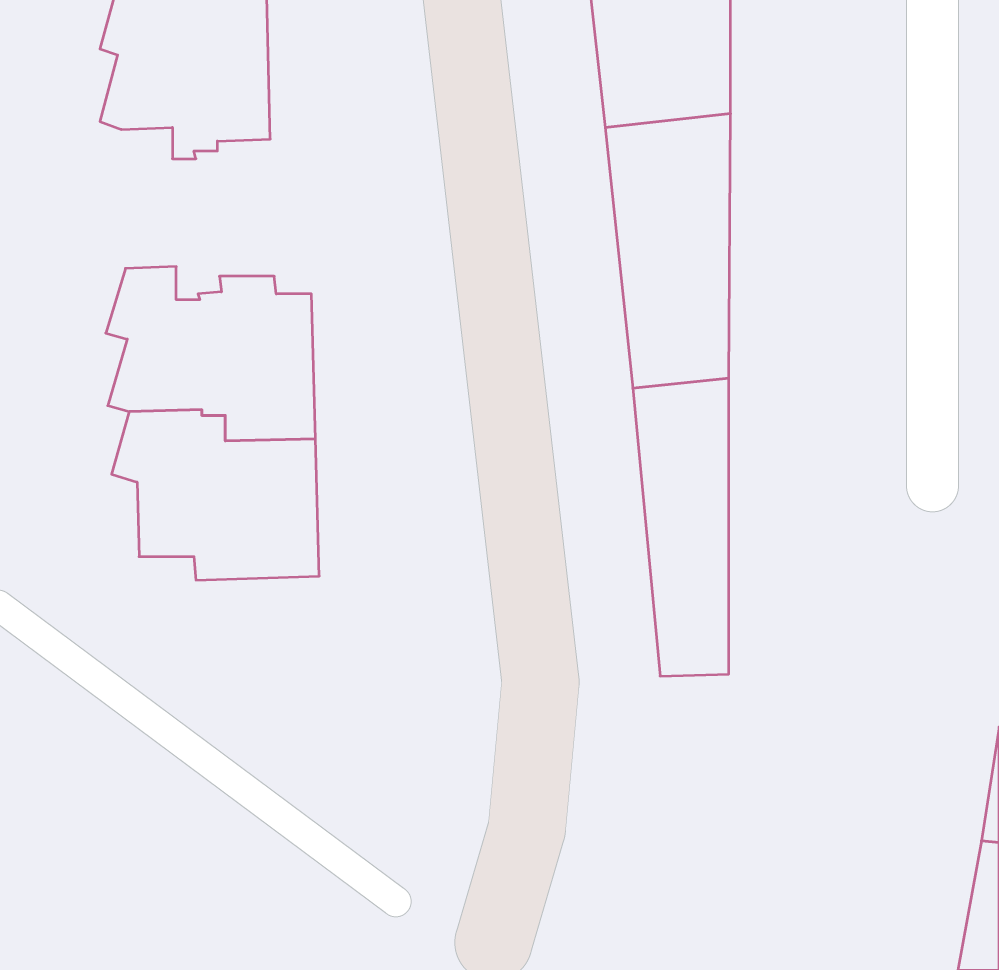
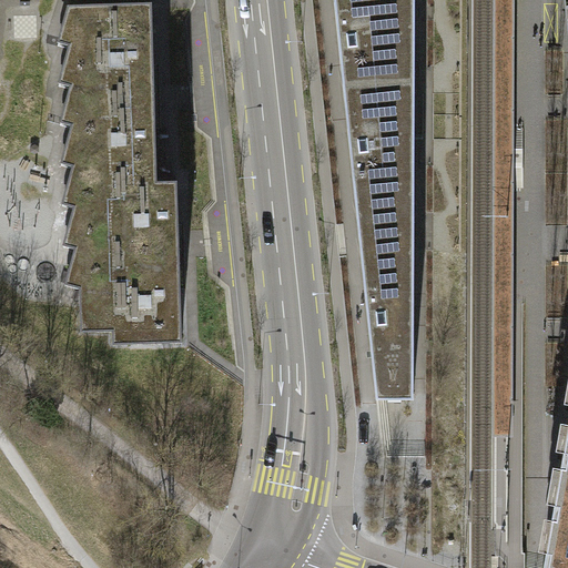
building: none -> [59,72,155,170]

